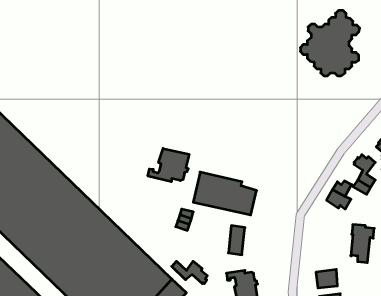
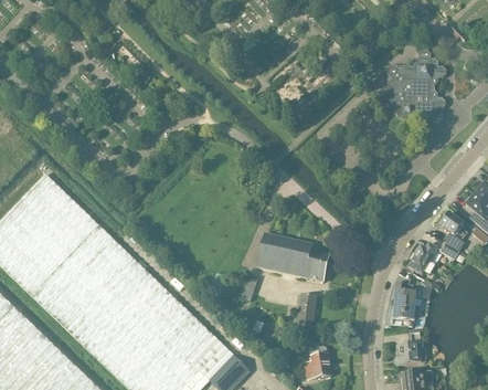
building: [148,148,189,182] -> none
building: [351,225,374,263] -> [394,283,421,326]
building: [172,261,207,284] -> none

